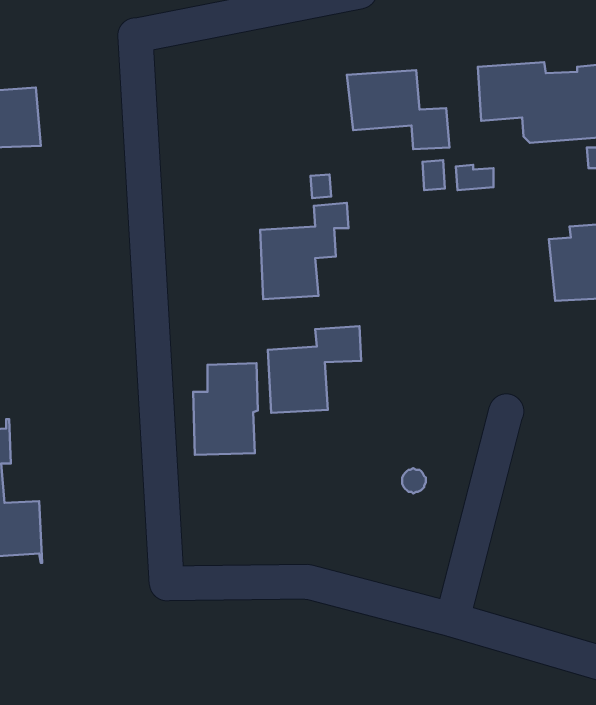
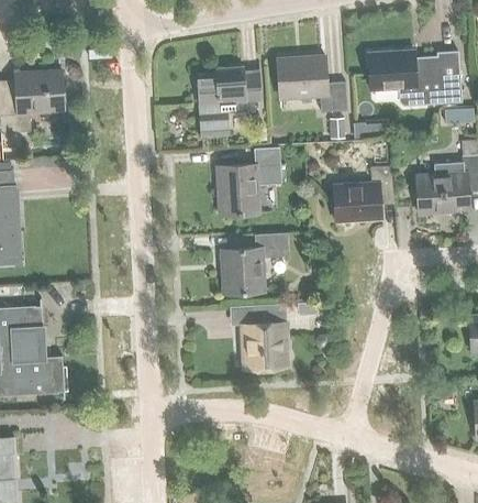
building: none -> [197,66,262,136]
building: none -> [333,167,392,222]
building: [193,363,258,455] -> [243,305,288,369]

